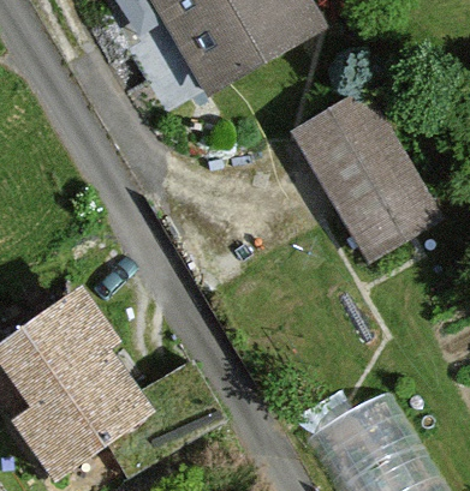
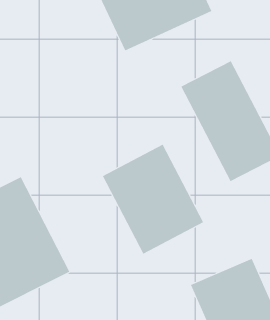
building: none -> [102,144,204,255]

